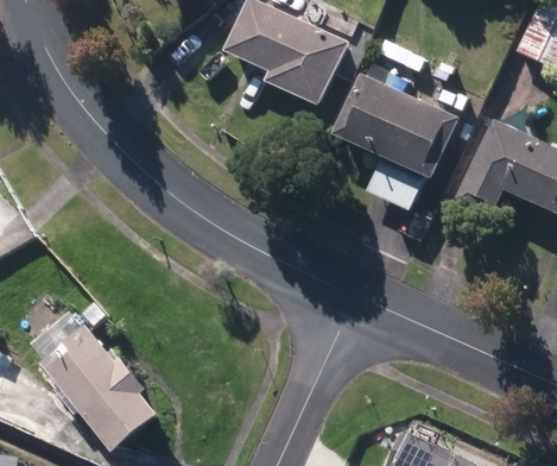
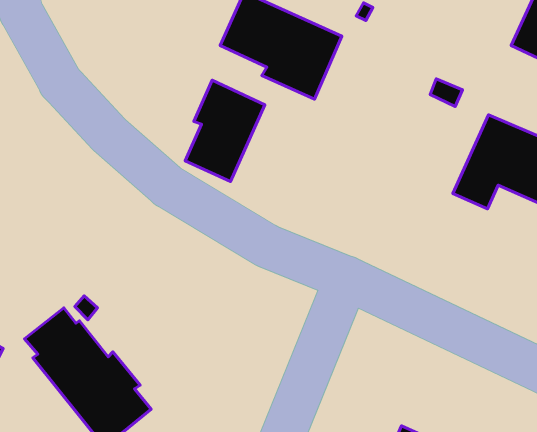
building: [333,73,458,210] -> none
building: none -> [185,80,265,181]

